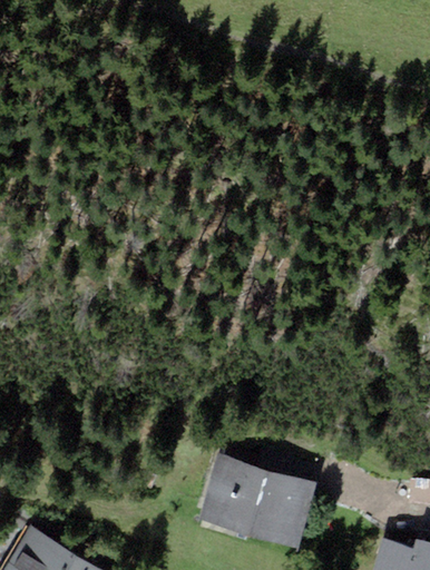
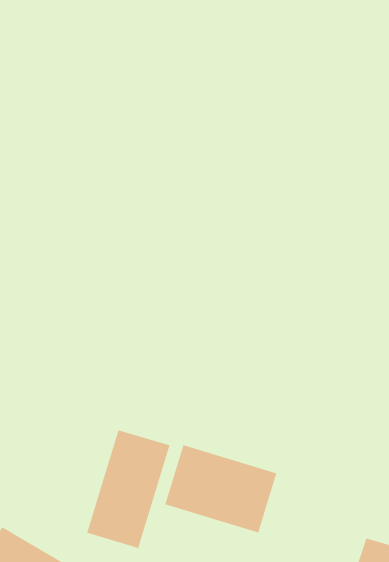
building: none -> [87,429,170,549]

